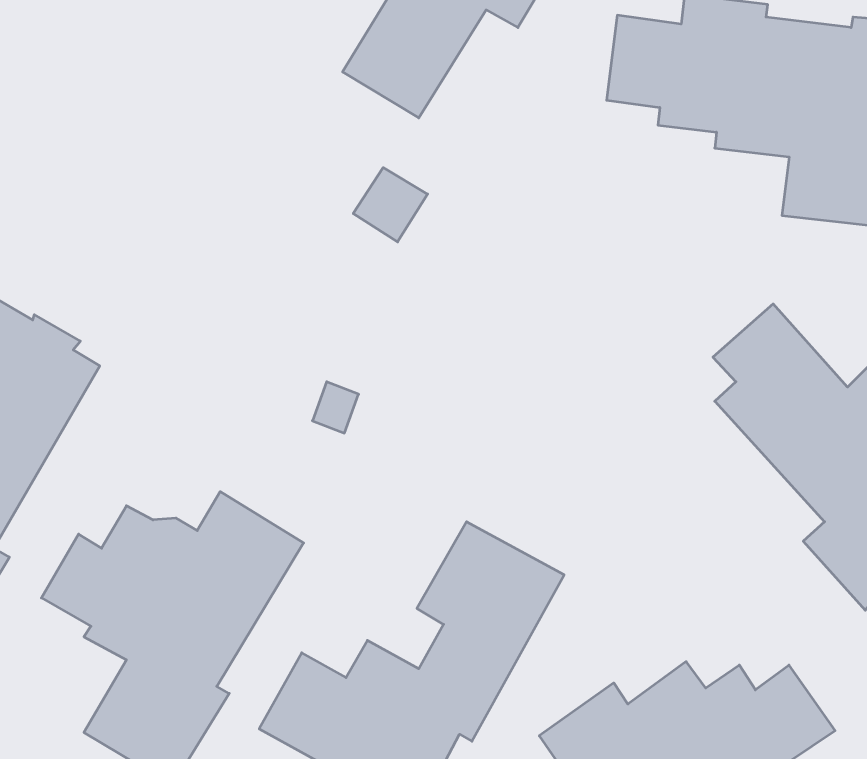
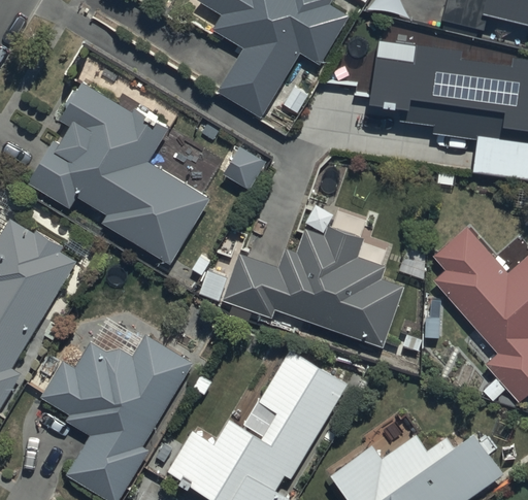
building: none -> [28,81,210,265]
building: none -> [221,228,404,348]

